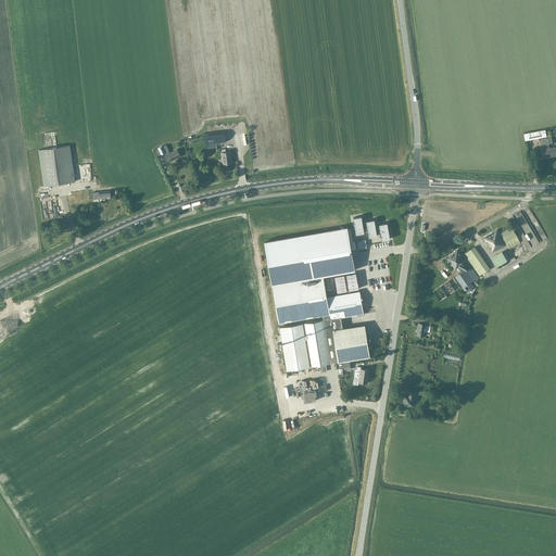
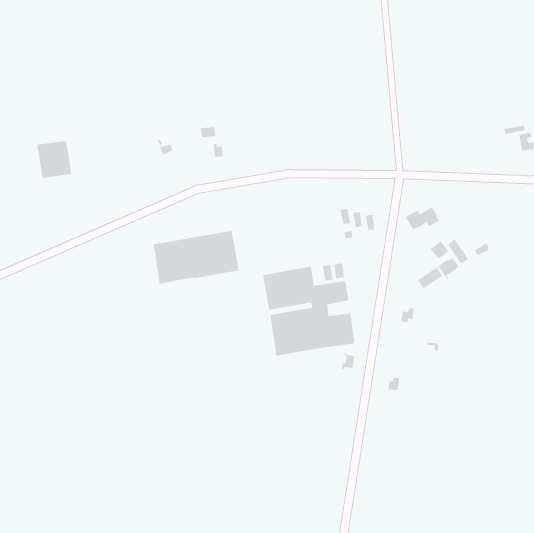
building: [483,228,520,253] -> [405,206,440,230]
building: [265,229,355,286] -> [153,230,239,284]

